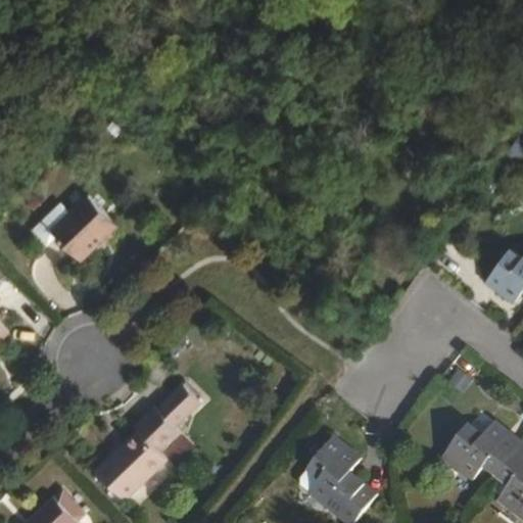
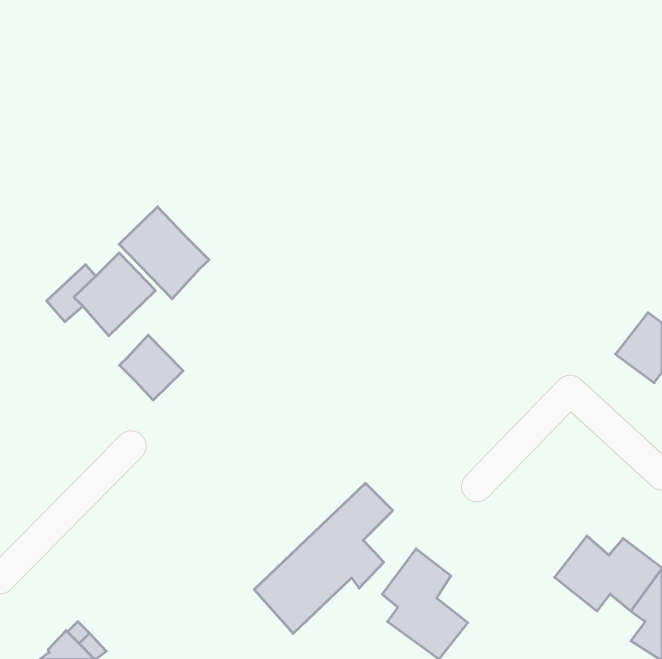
building: none -> [119,207,209,299]
building: none -> [119,335,183,400]
building: [98,381,207,500] -> [254,483,393,634]

